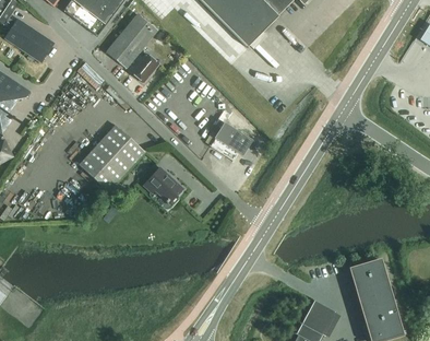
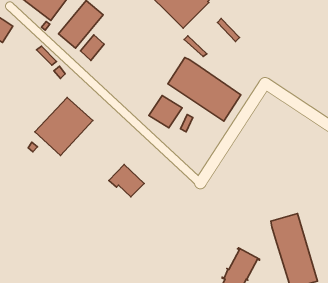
building: none -> [168,57,241,121]
building: [143,166,183,203] -> [109,164,144,197]

